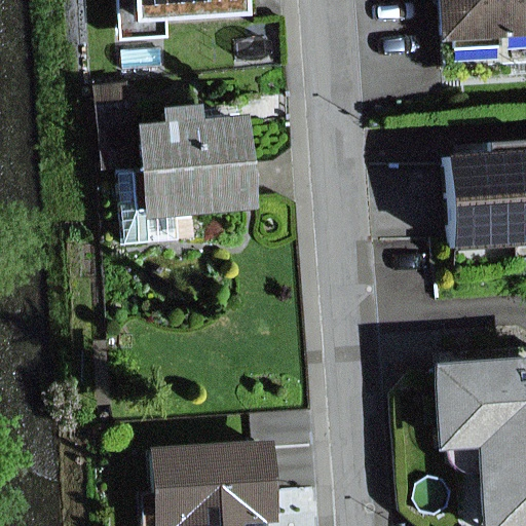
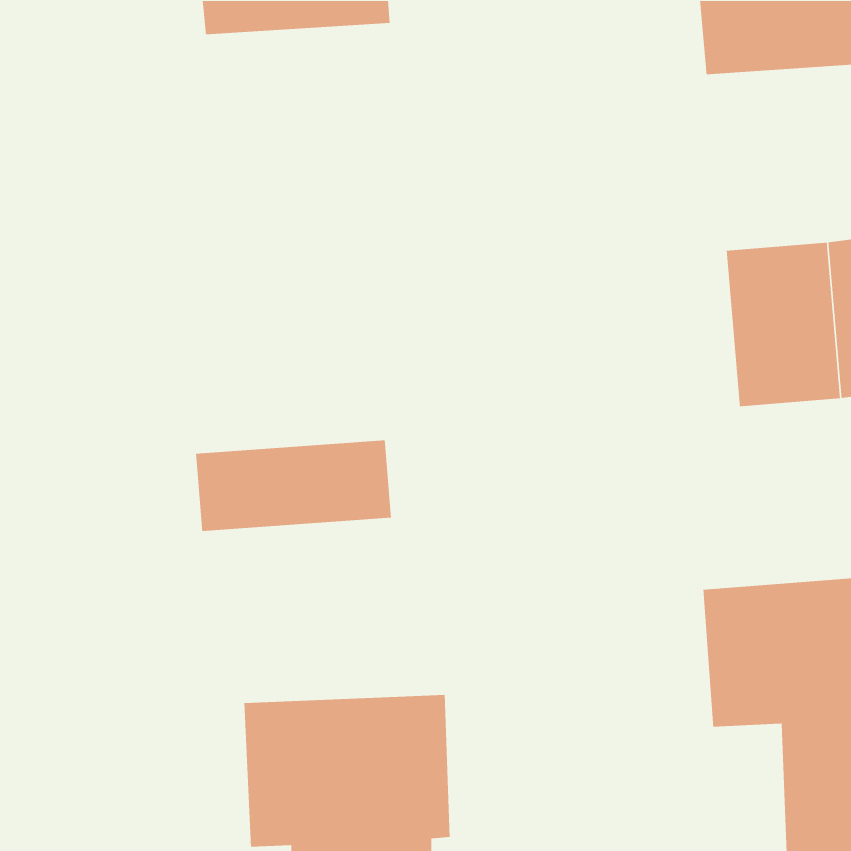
building: [125,105,254,238] -> none
building: none -> [195,439,392,532]

